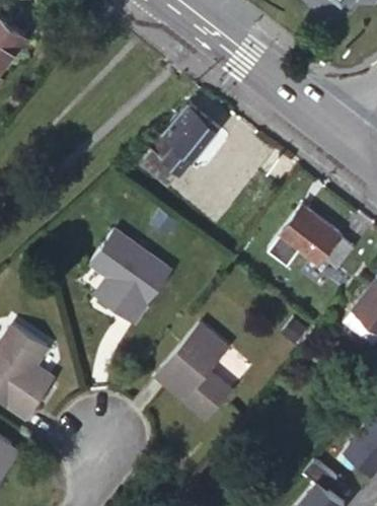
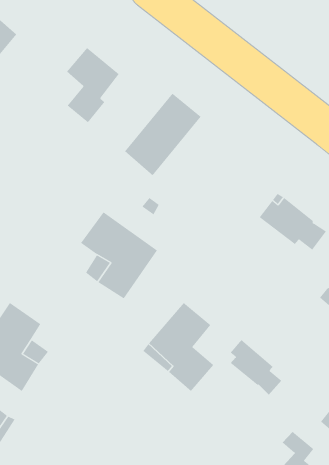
building: none -> [66,47,120,123]
building: none -> [230,339,282,395]

